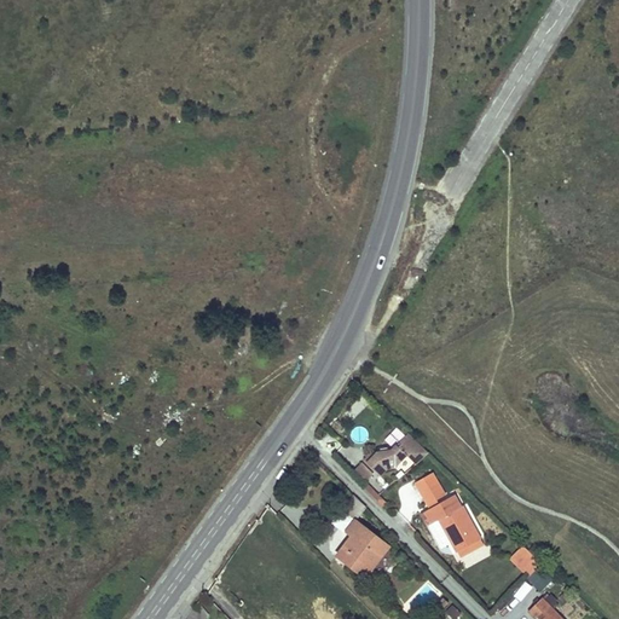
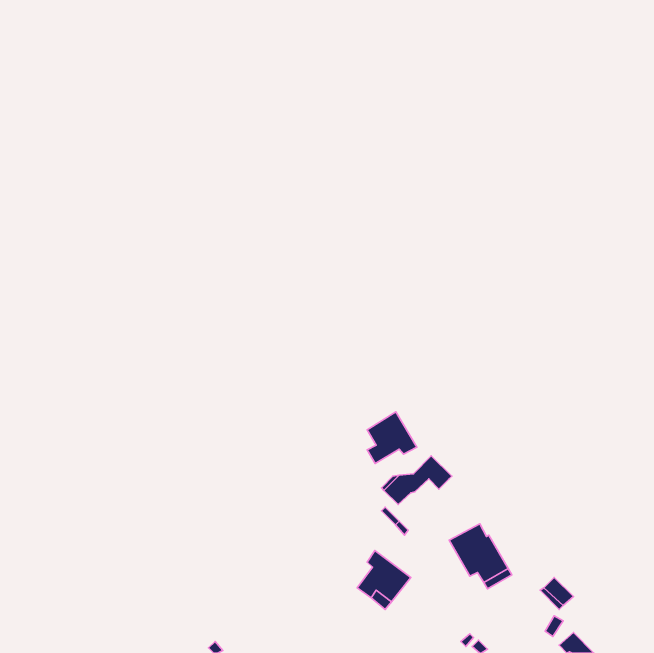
building: none -> [367,412,417,464]
building: [415,472,445,504] -> none

